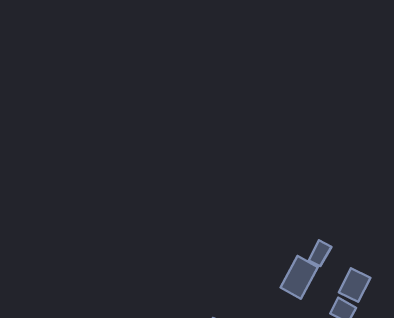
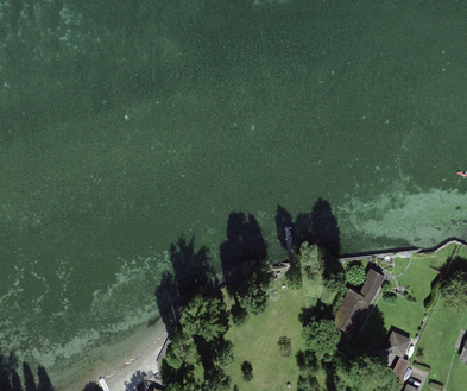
building: [339,268,370,302] -> none

